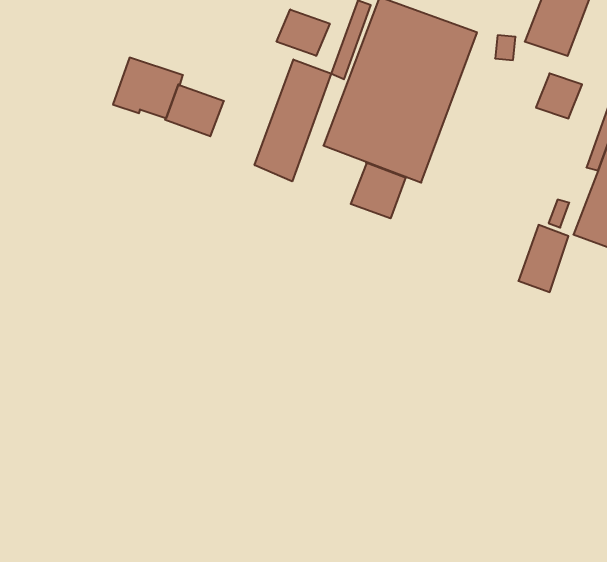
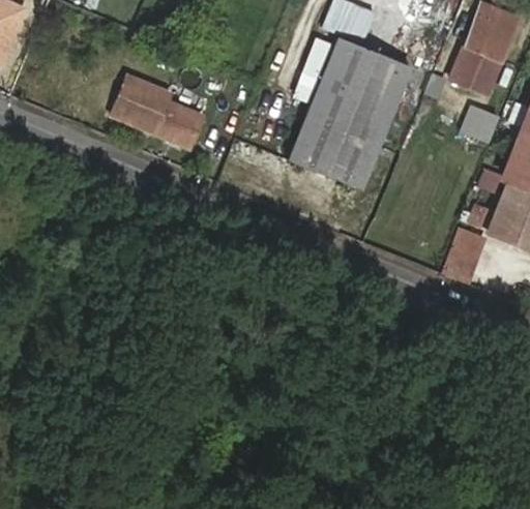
building: [277,9,330,56] -> none
building: [255,59,331,181] -> none
building: [351,162,406,218] -> none

